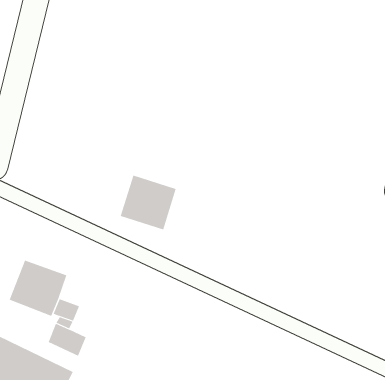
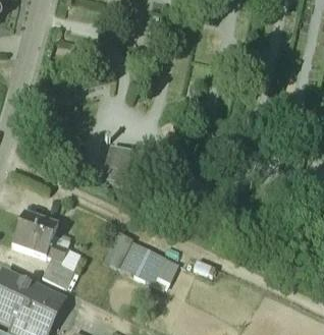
building: none -> [103,231,179,284]

